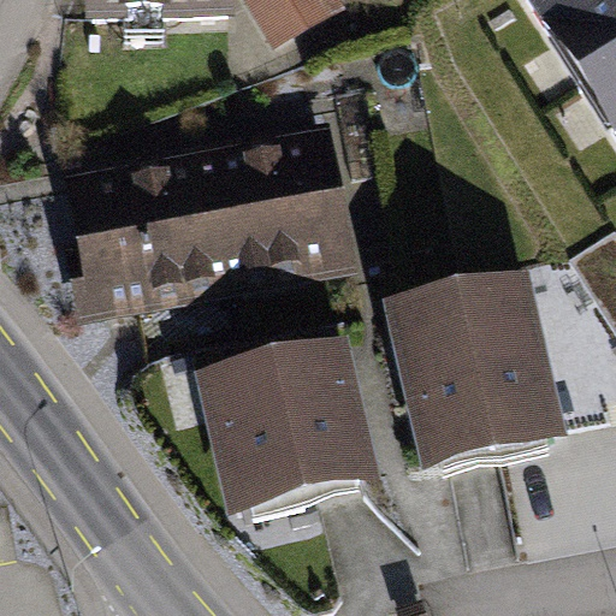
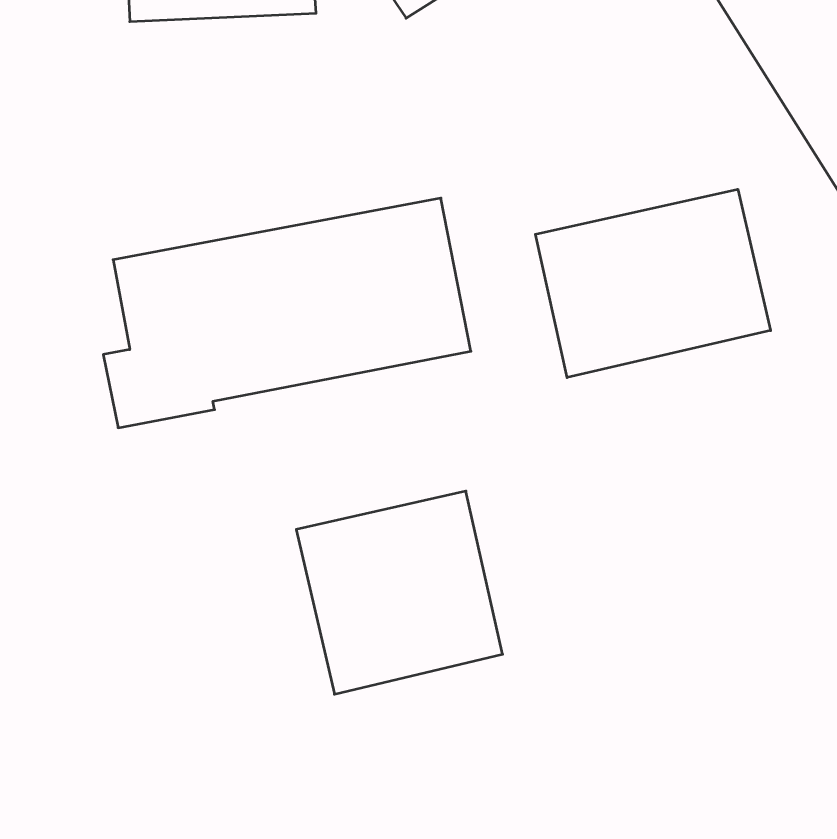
building: none -> [535,189,771,378]
building: [410,290,561,463] -> none

